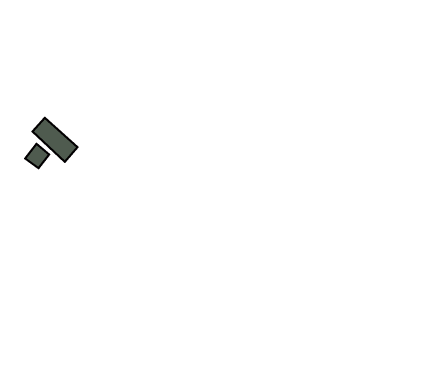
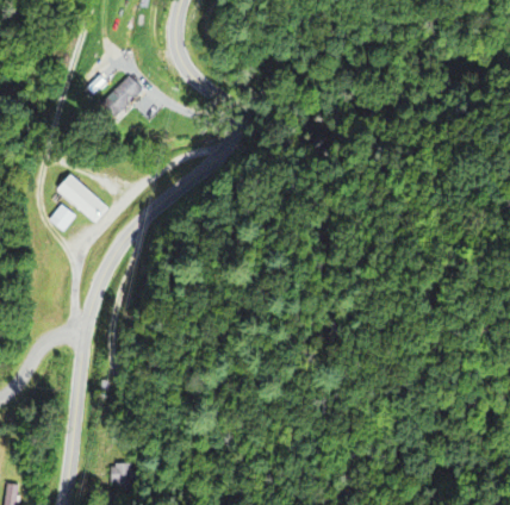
building: none -> [100,74,143,118]

